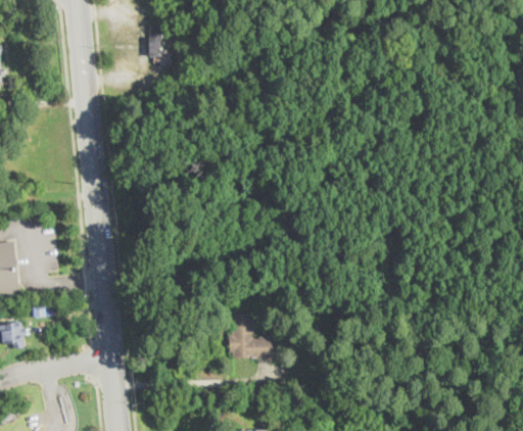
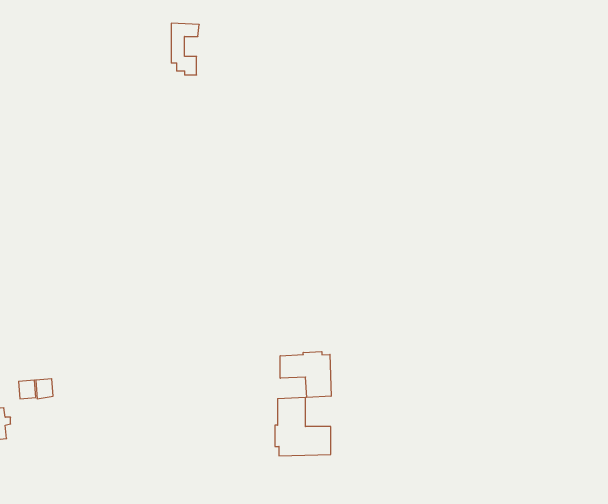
building: none -> [280,352,331,397]

